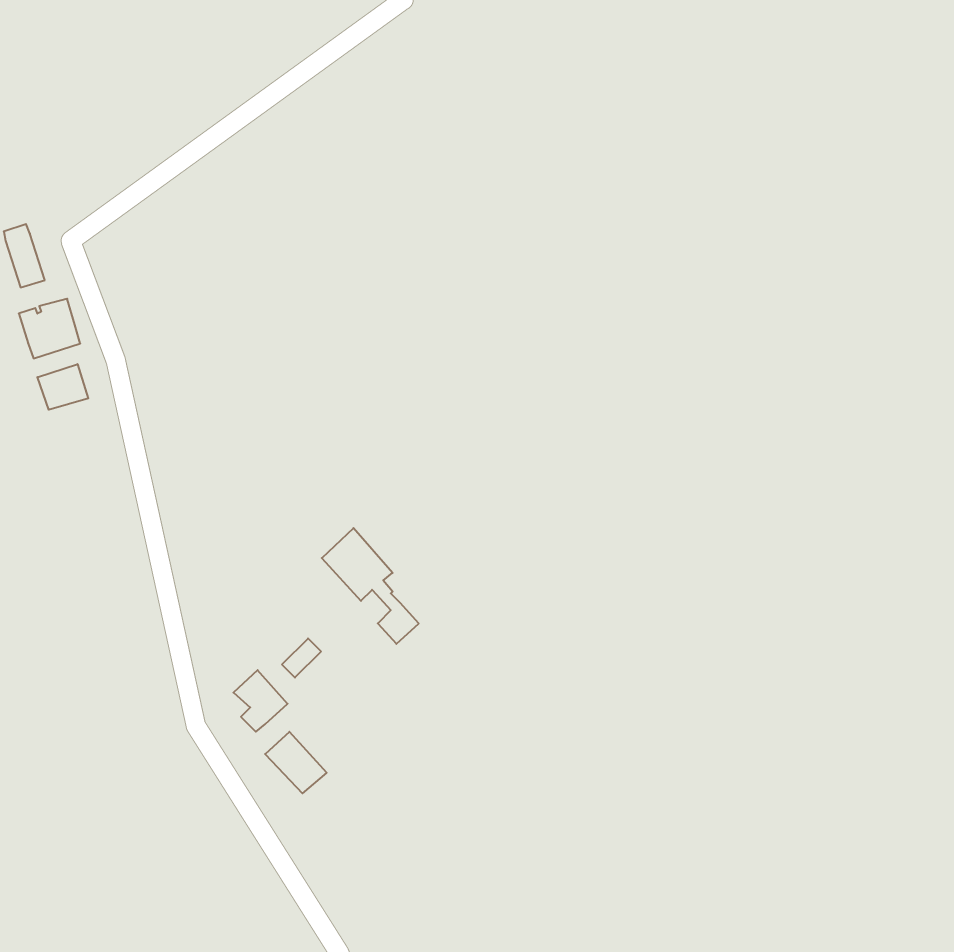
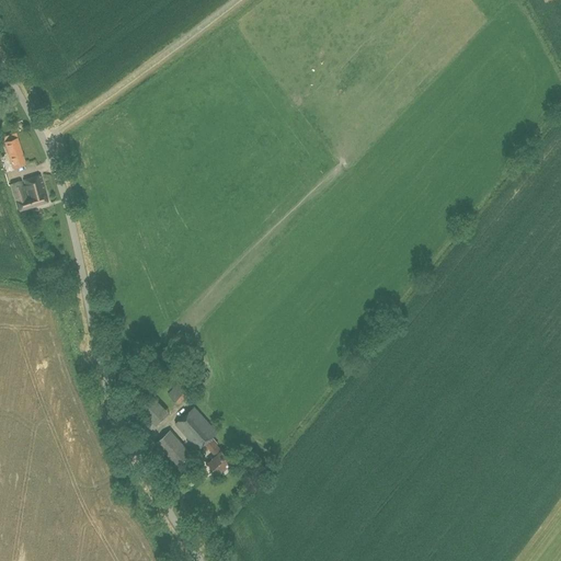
building: [37,364,88,410] -> none
building: [322,528,419,644] -> [175,408,232,476]

